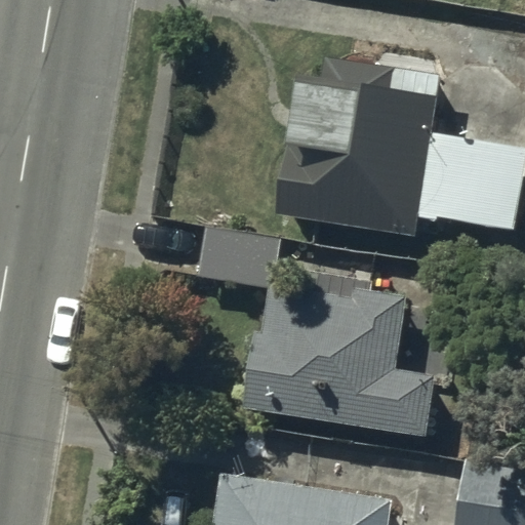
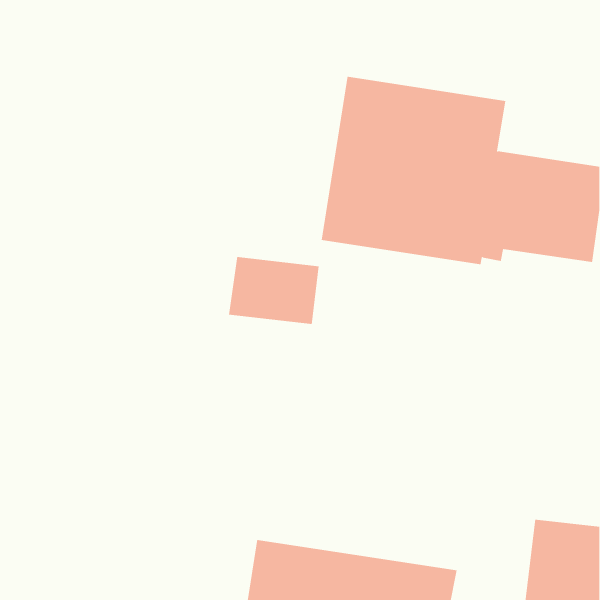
building: [243,288,435,436] -> none

